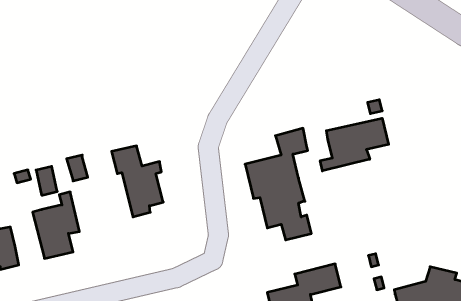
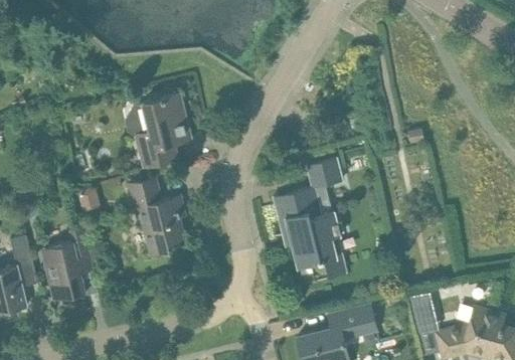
building: none -> [129,94,190,167]
building: [320,118,389,171] -> none
building: [36,166,57,195] -> [10,234,33,265]

